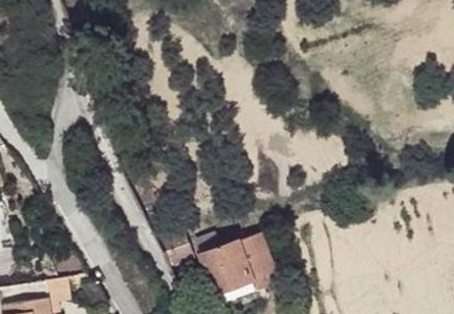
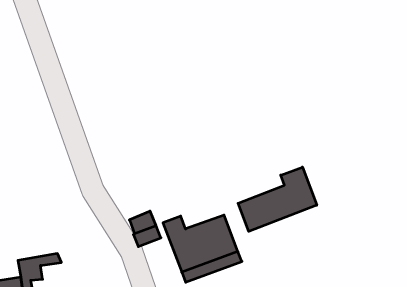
building: none -> [238,167,317,231]

